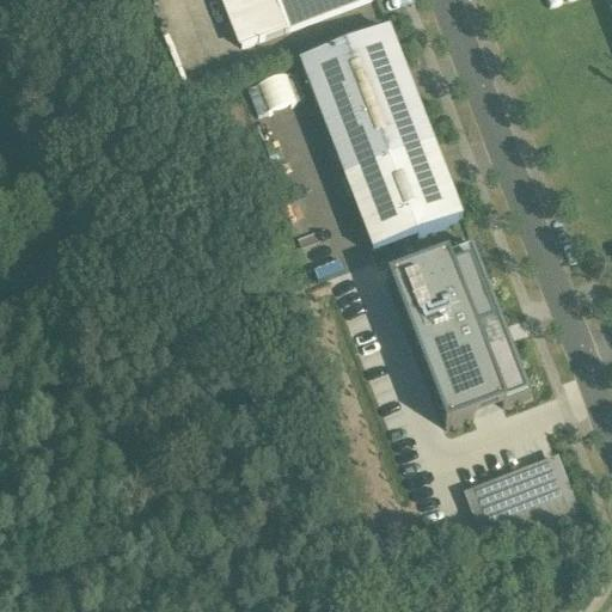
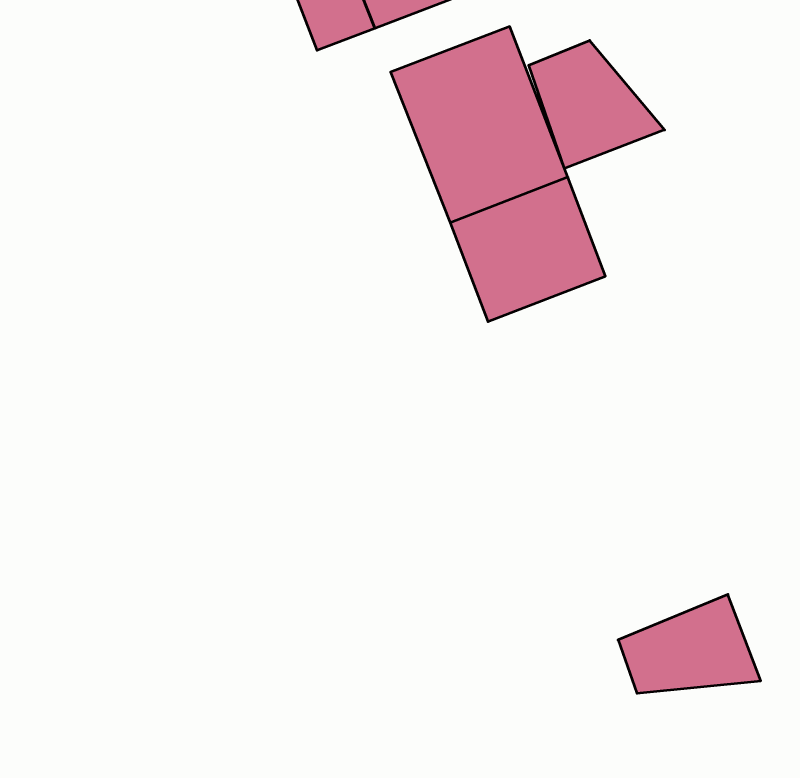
building: none -> [529,40,665,169]
building: [388,235,530,420] -> none

